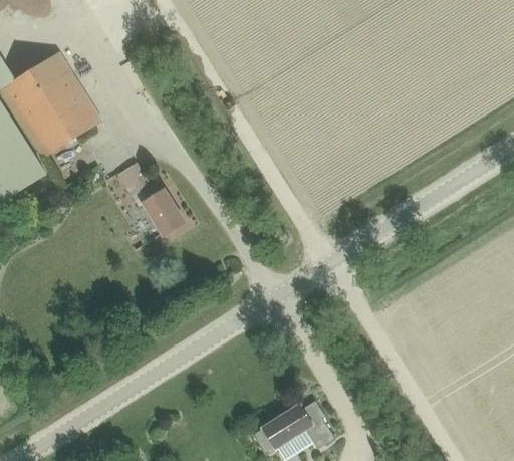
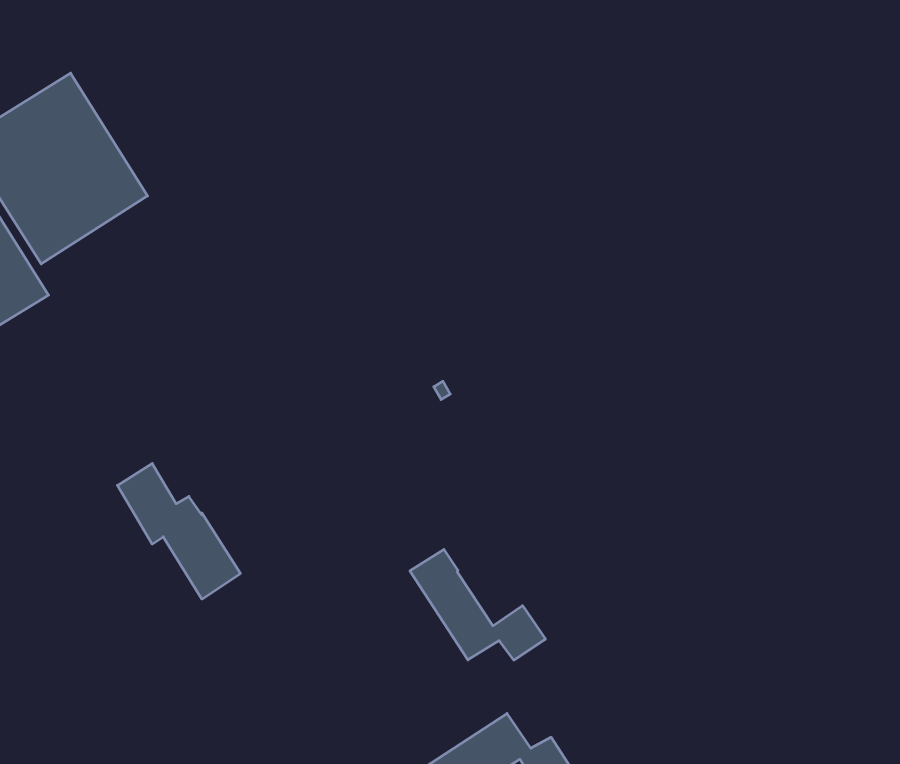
building: [117,162,185,236] -> [117,463,240,599]
building: none -> [410,549,545,660]

